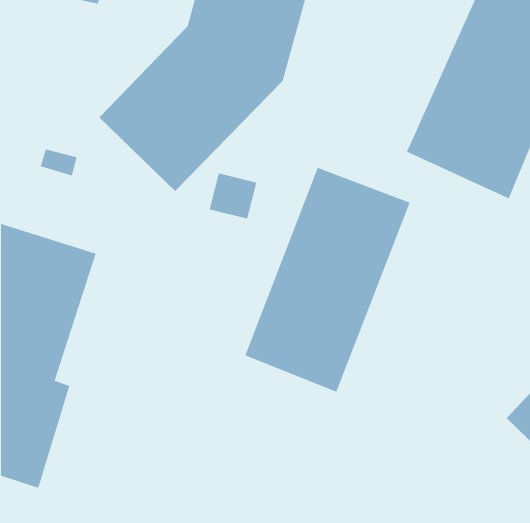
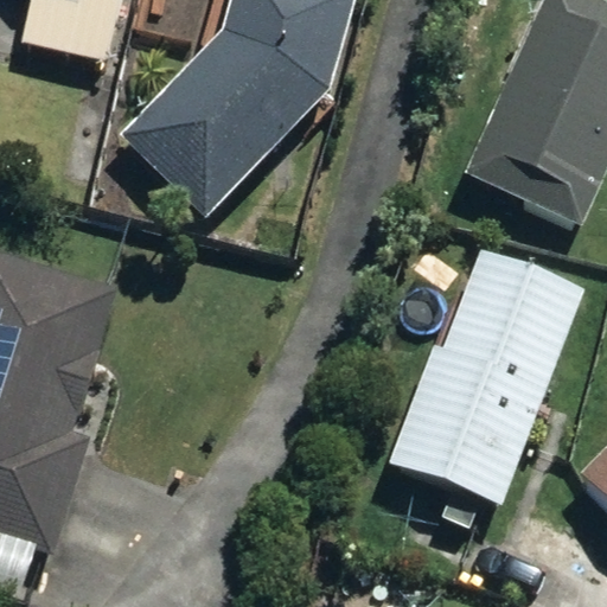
building: [245,167,410,392] -> [396,250,583,505]

